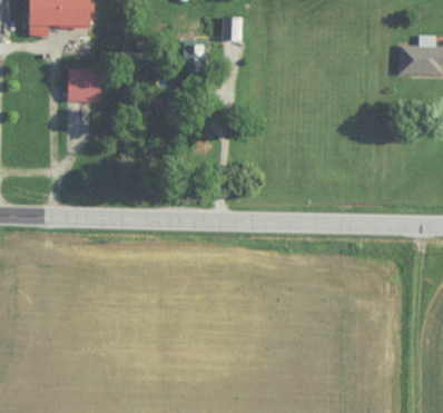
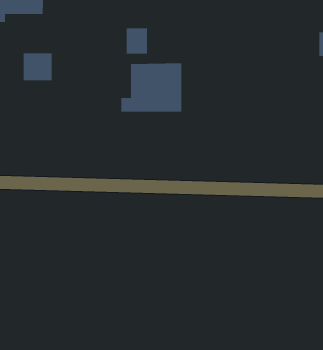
building: [222,16,240,39] -> none
building: none -> [121,62,182,113]

